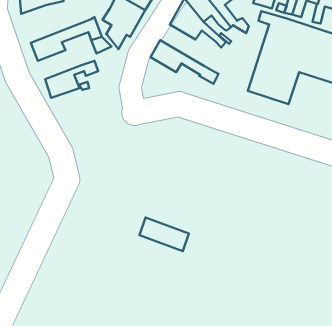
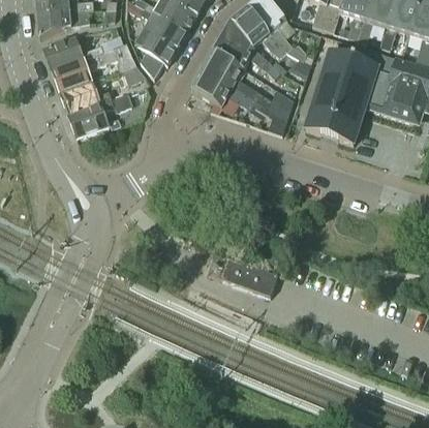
building: none -> [43,35,122,72]
building: none -> [203,51,294,119]
building: none -> [60,81,111,115]
building: [139,218,189,251] -> [219,257,277,297]

